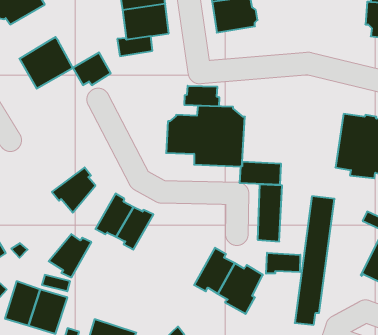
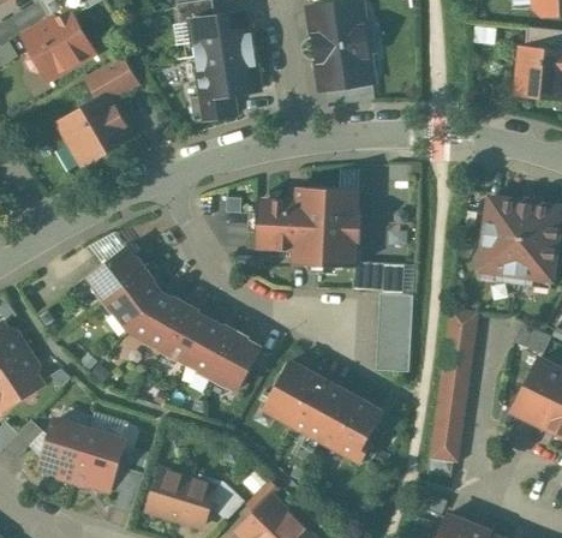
building: [73,52,111,85] -> [85,56,136,100]
building: [184,86,219,106] -> none
building: none -> [88,247,145,300]
building: none -> [210,330,261,389]
building: [49,234,91,277] -> [130,292,186,349]
building: none -> [263,364,318,424]
building: [266,253,300,274] -> none

